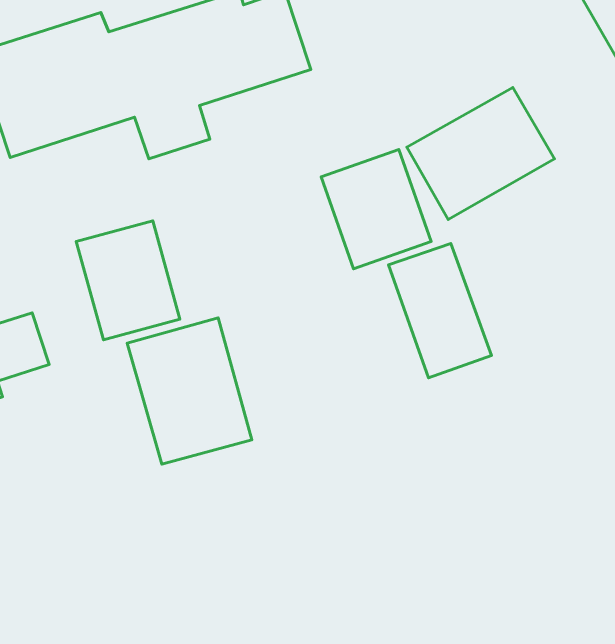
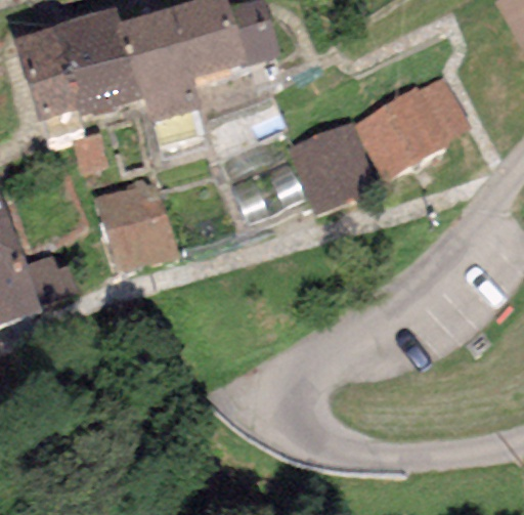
building: [389,243,491,378] -> none
building: [127,318,252,464] -> none

